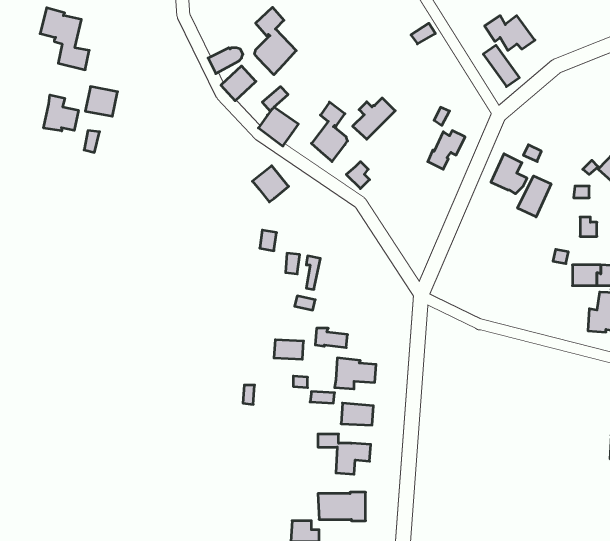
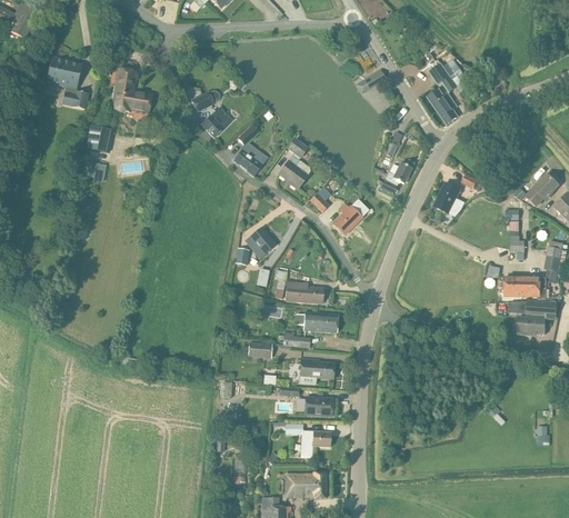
building: [255,7,296,75] -> none
building: none -> [112,67,147,110]
building: [44,95,78,131] -> none
building: [353,98,395,139] -> [332,199,369,235]
building: [252,166,289,202] -> [244,227,276,258]
building: [518,176,551,217] -> none
building: none -> [286,282,323,303]
building: none -> [295,311,338,332]

